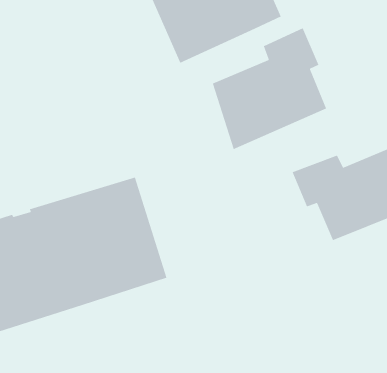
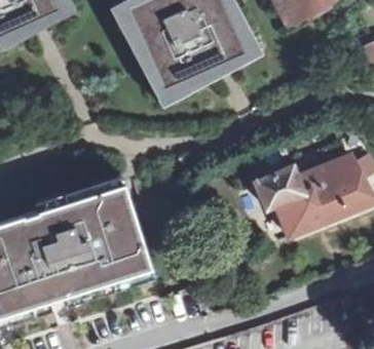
building: [212,27,327,150] -> none

